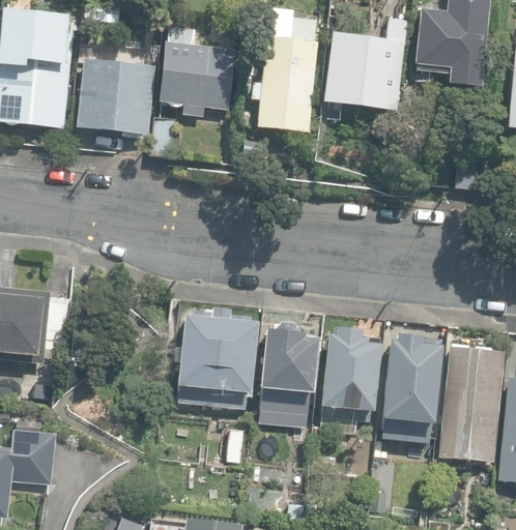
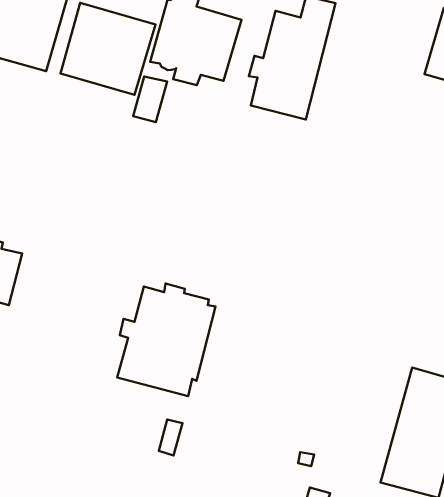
building: [324,17,408,111] -> none
building: [260,324,317,415] -> none
building: [318,326,378,430] -> none
building: [378,334,438,433] -> none

